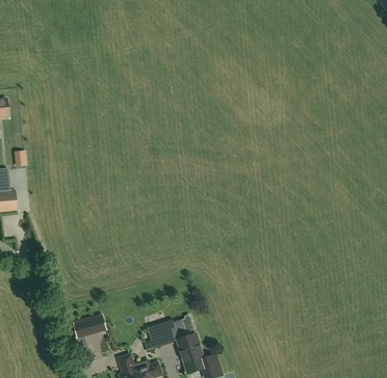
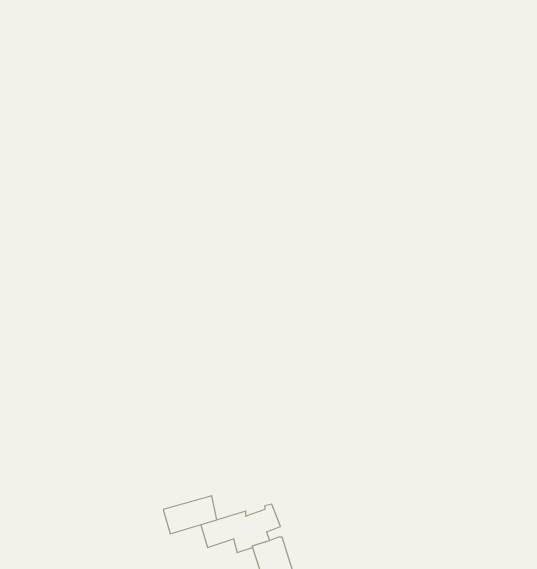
building: [74,315,106,338] -> [163,496,217,534]

